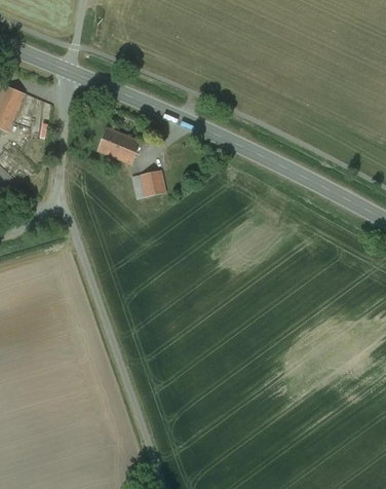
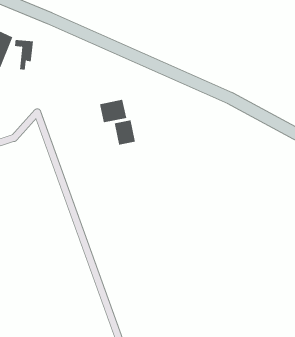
building: [95,124,142,163] -> none
building: none -> [114,120,135,145]

